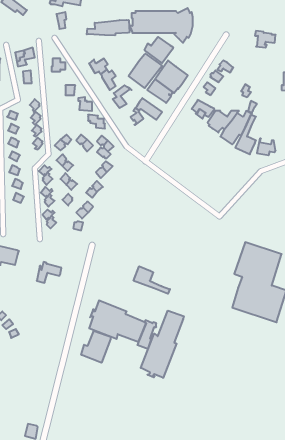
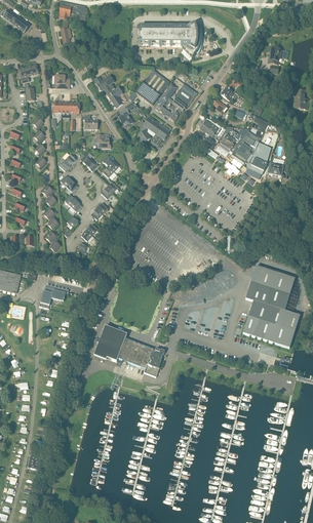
building: [87,20,129,35] -> none
building: [145,37,173,63] -> none
building: [134,266,170,294] -> none
building: [141,311,184,378] -> none
building: [81,331,111,363] -> none

